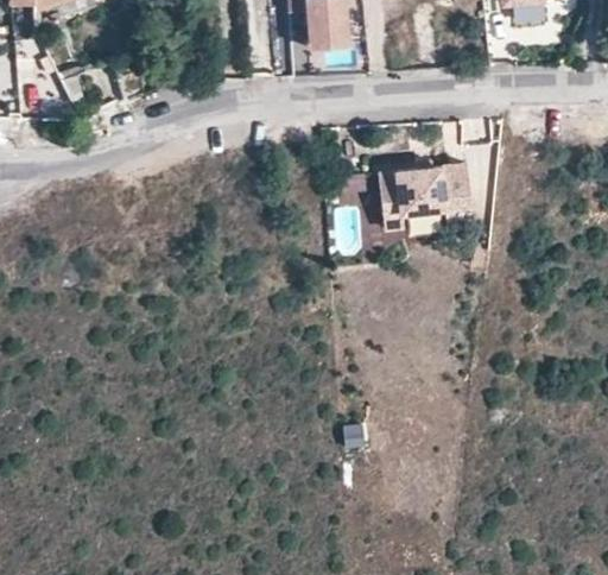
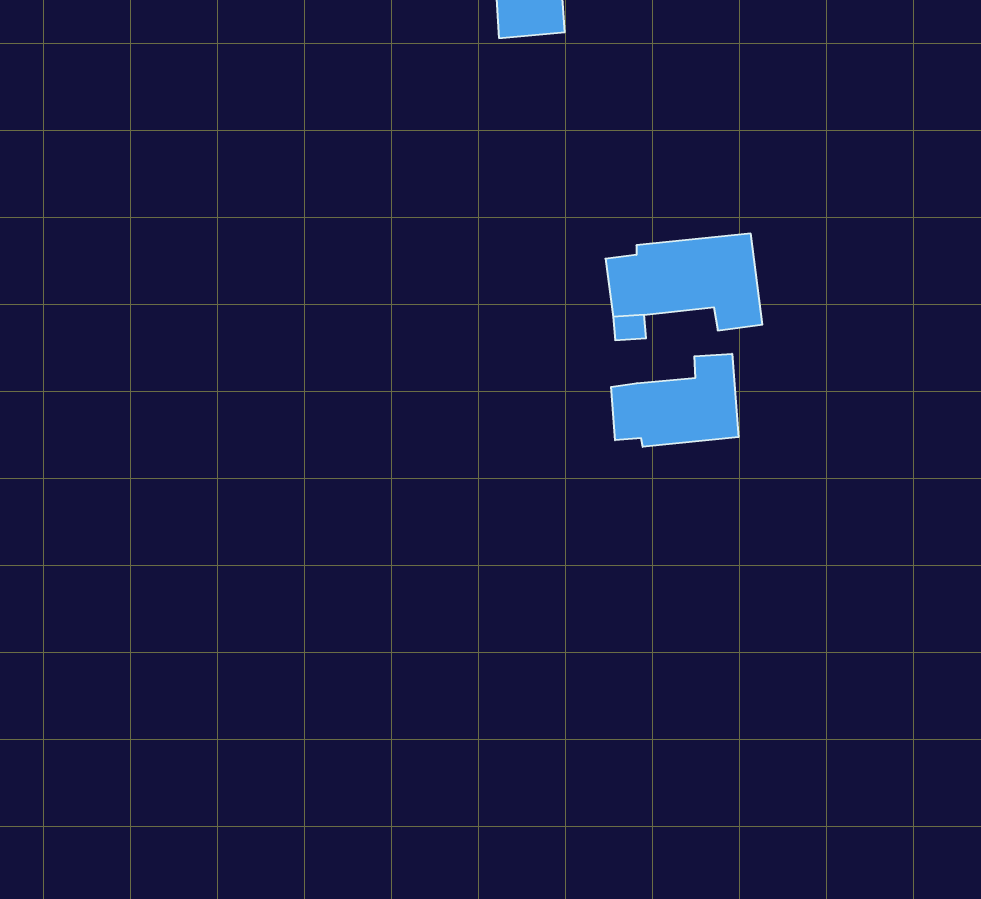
building: none -> [611,354,739,447]

